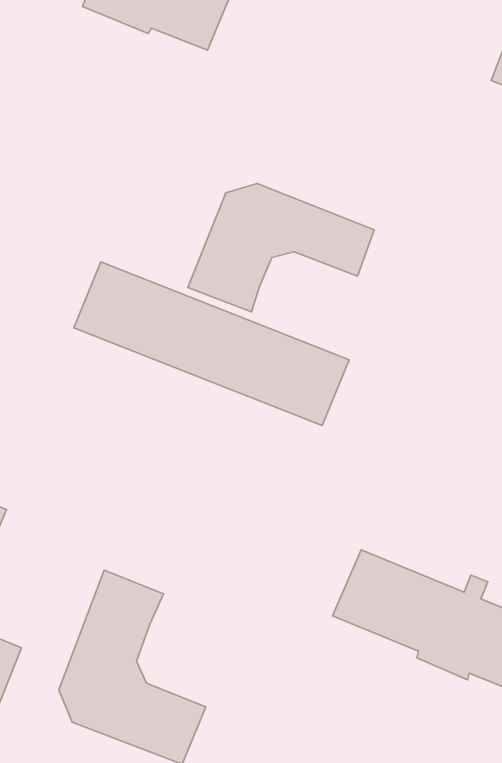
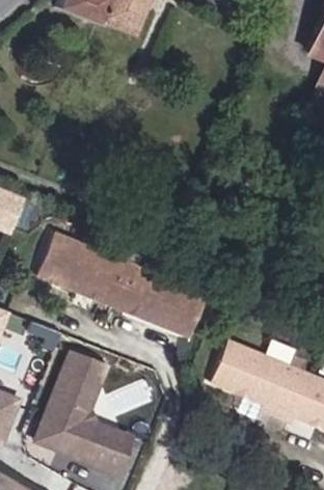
building: [188,184,374,312] -> none
building: [74,262,349,426] -> [37,235,207,335]

